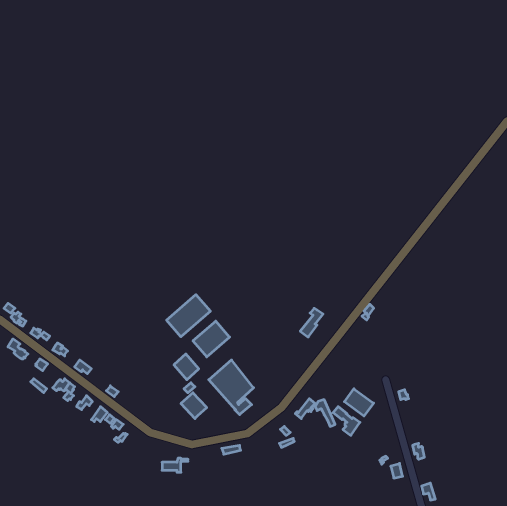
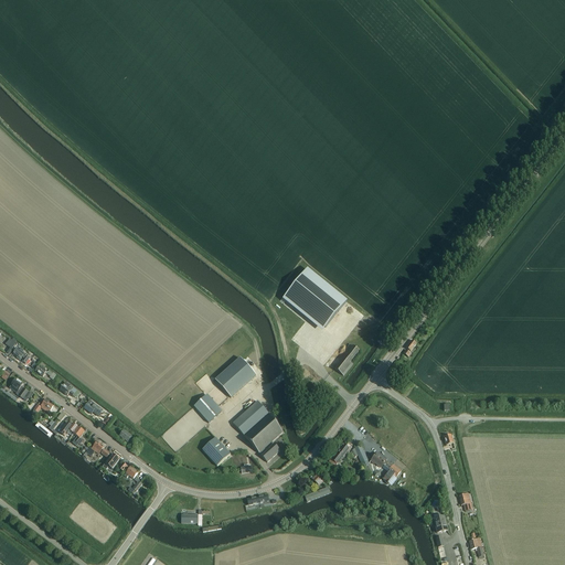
building: none -> [281,267,345,330]
building: [167,295,210,337] -> none
building: [344,389,374,416] -> none

